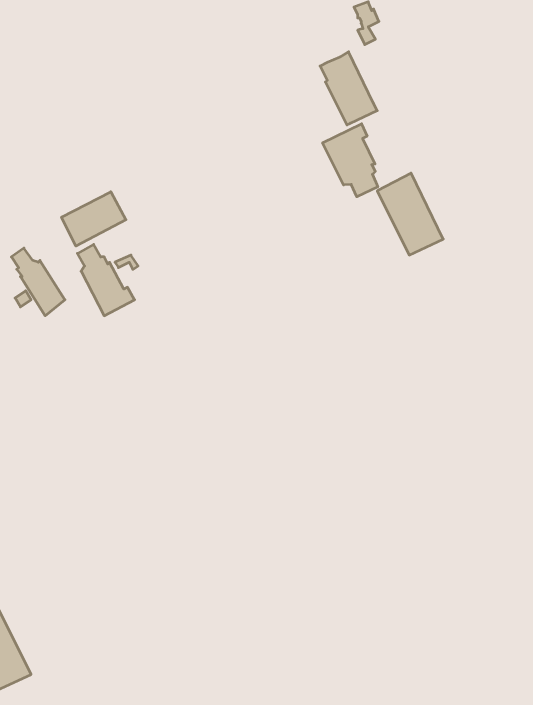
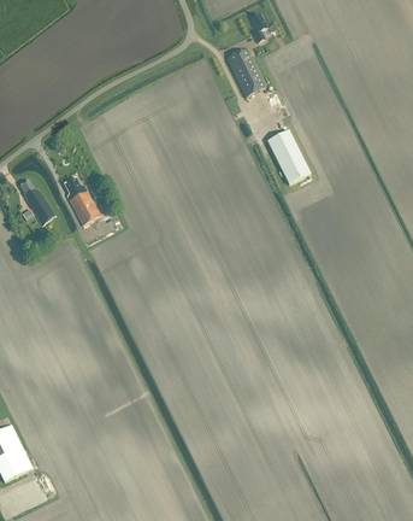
building: [323,124,378,197] -> none
building: [62,192,126,246] -> none

